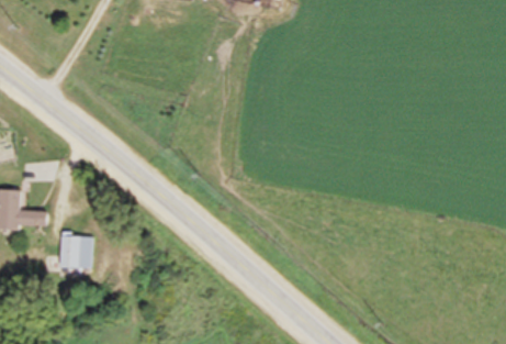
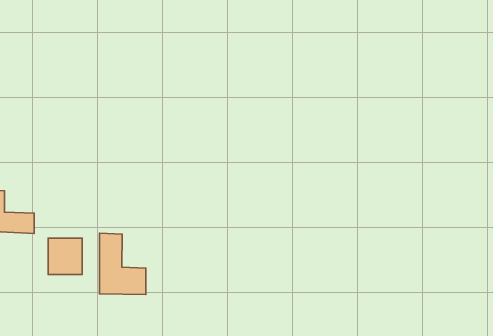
building: none -> [100,233,146,295]

